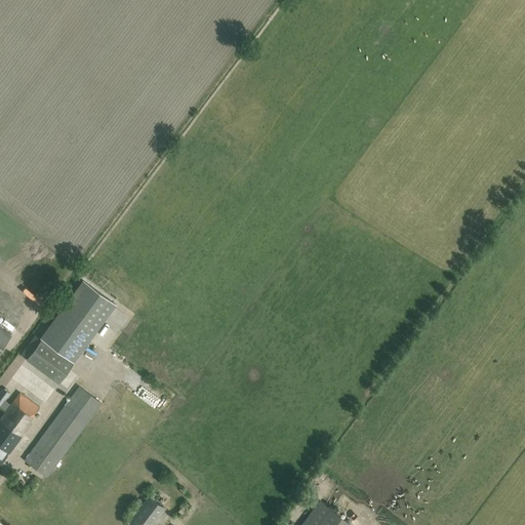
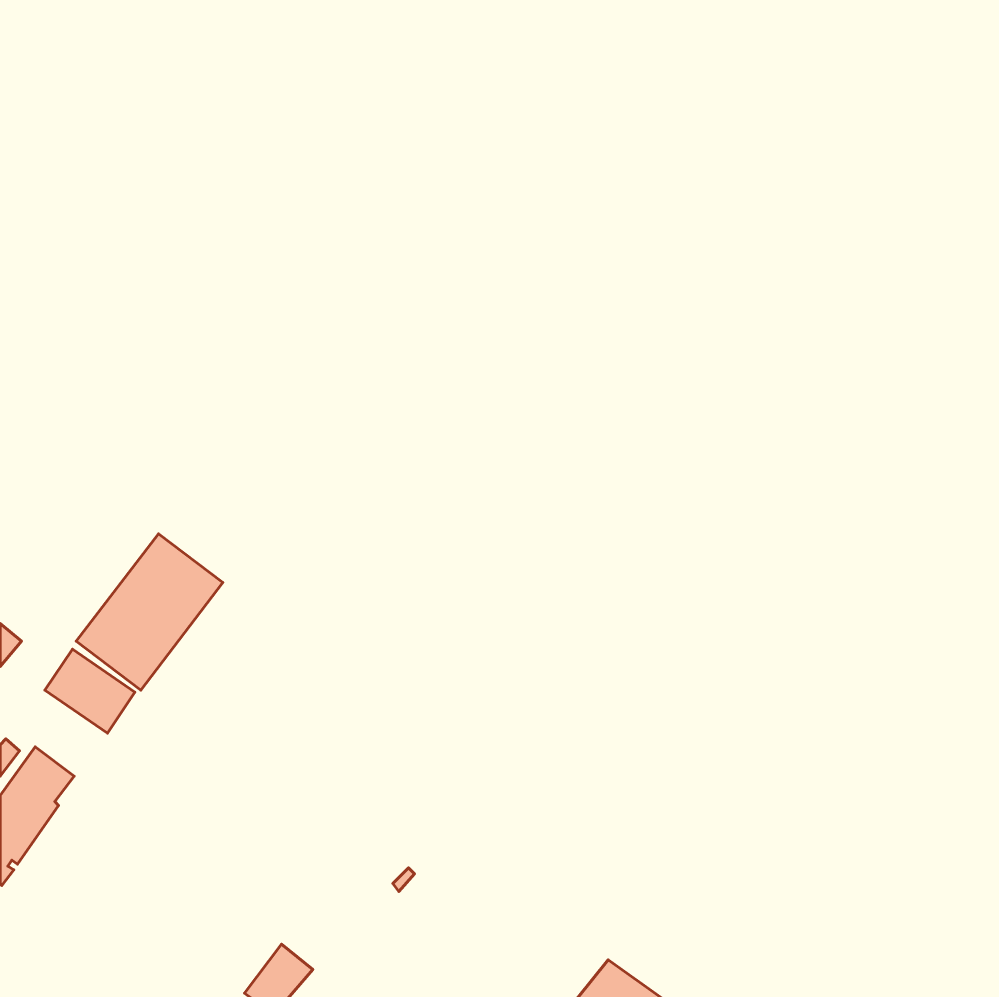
building: [25,388,100,477] -> none

